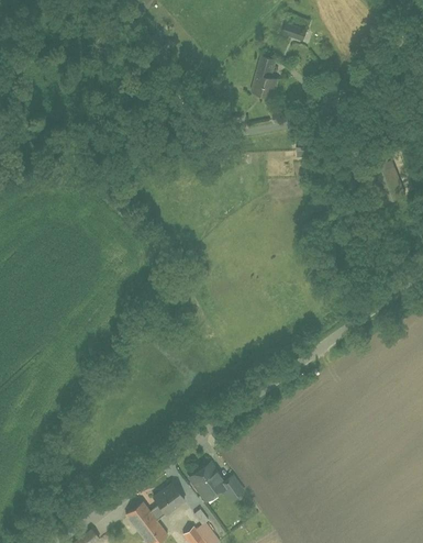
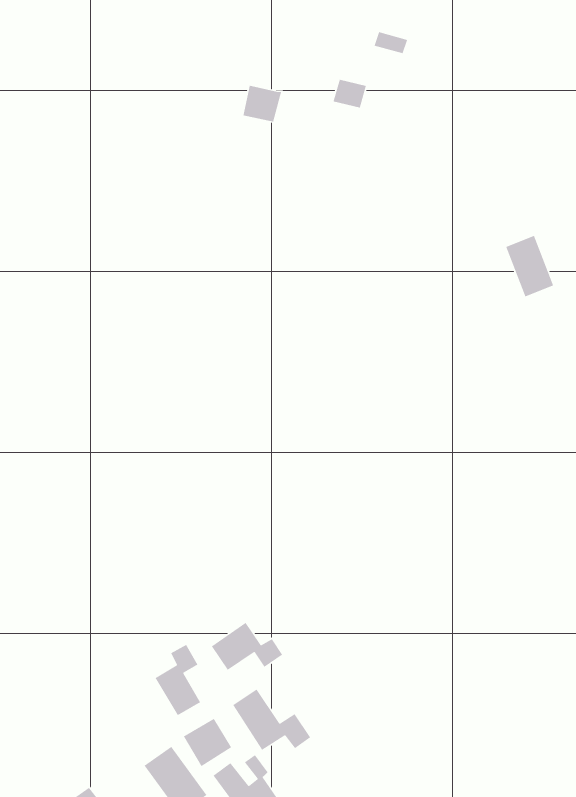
building: [249,70,276,96] -> [243,85,282,123]
building: none -> [211,622,283,671]
building: none -> [154,644,201,716]

